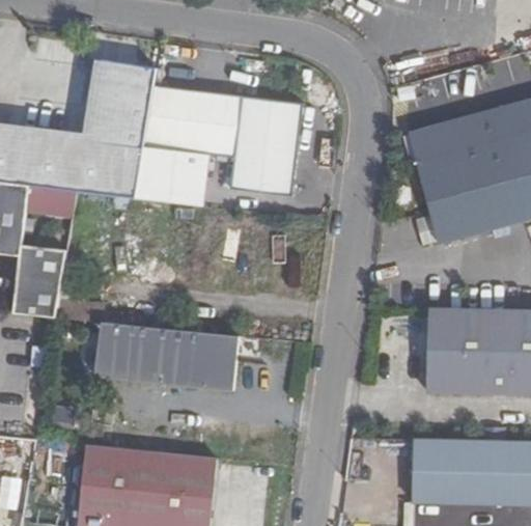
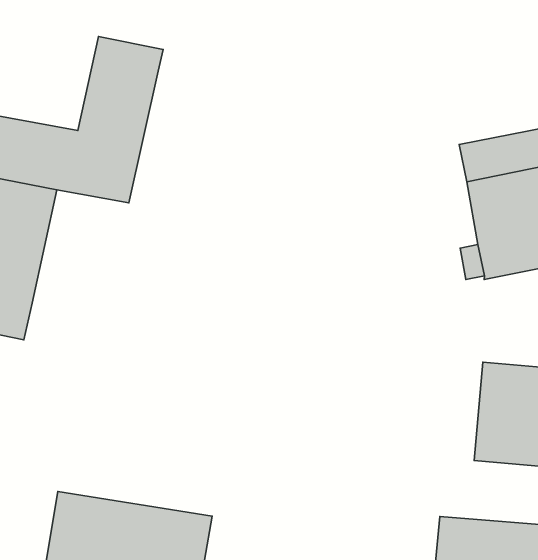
building: [134,85,302,205] -> none
building: [92,322,235,390] -> none

